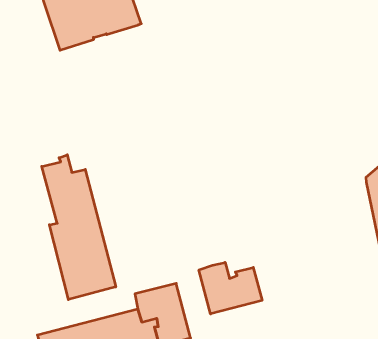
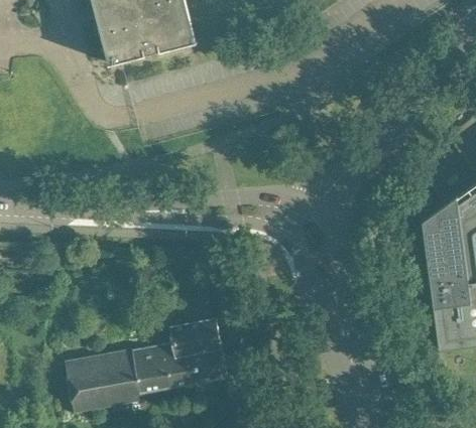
building: [42,155,116,300] -> none
building: [199,262,262,314] -> none

